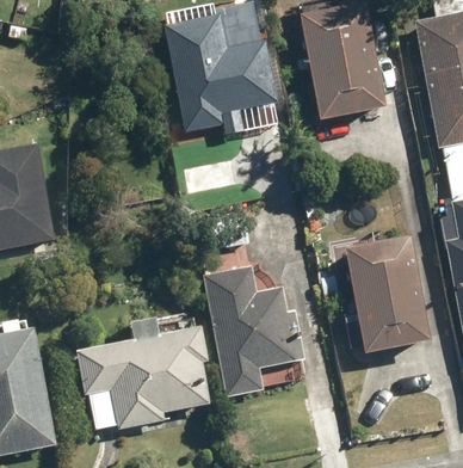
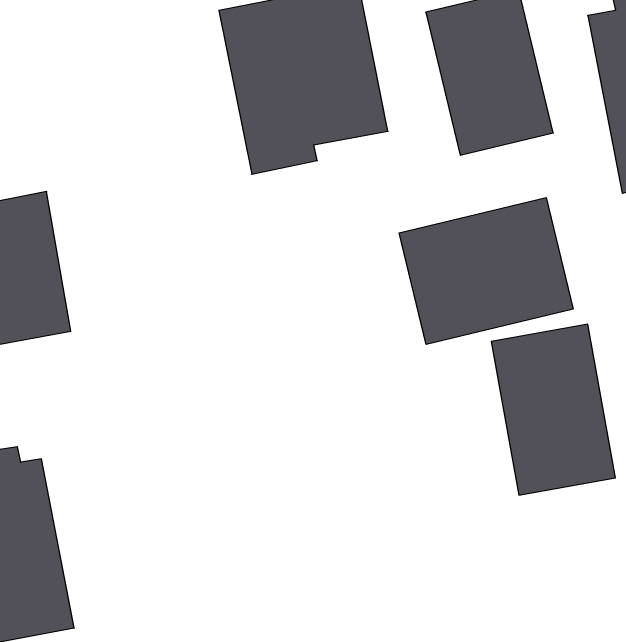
building: none -> [399,198,573,344]
building: [203,269,304,395] -> none
building: [75,315,210,427] -> none

